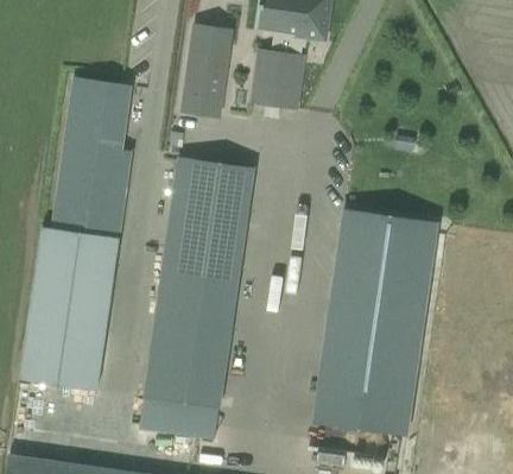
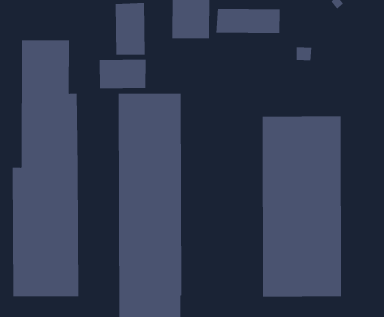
building: none -> [216,8,280,34]
building: none -> [99,59,146,89]

